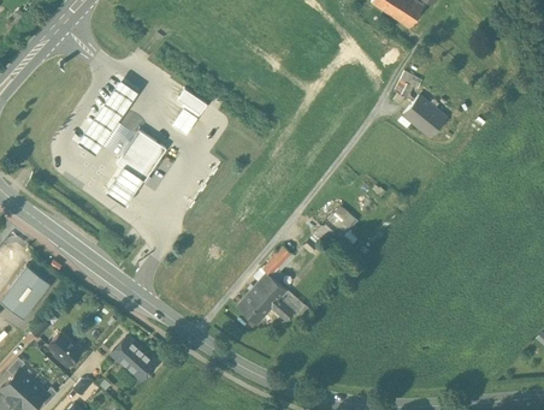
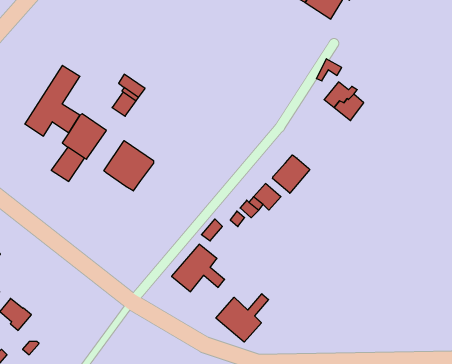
building: none -> [104,141,154,191]
building: none -> [273,155,310,193]
building: none -> [216,294,269,342]
building: [111,337,155,379] -> none

